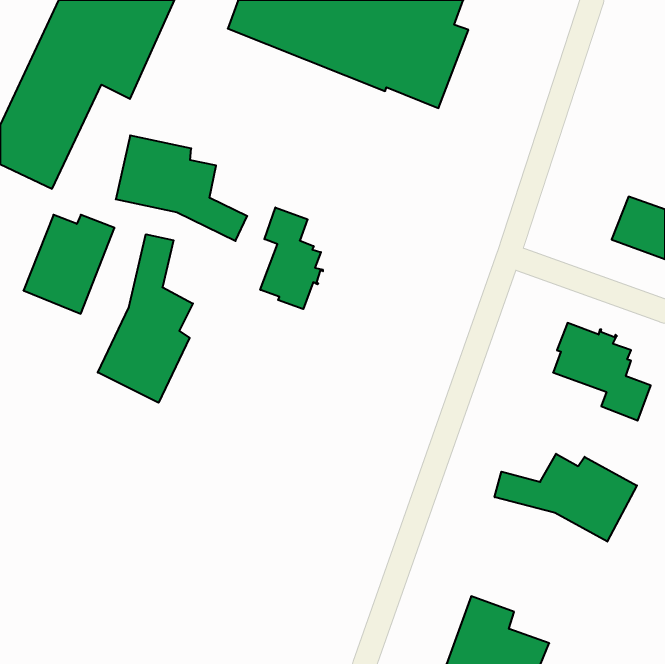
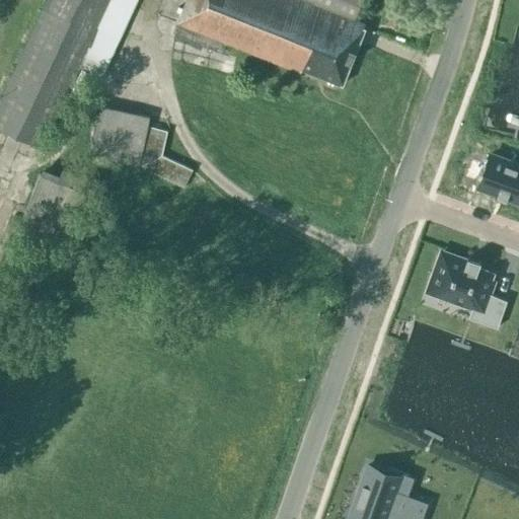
building: [260,207,323,309] -> none
building: [98,234,193,403] -> none
building: [495,454,637,542] -> none

